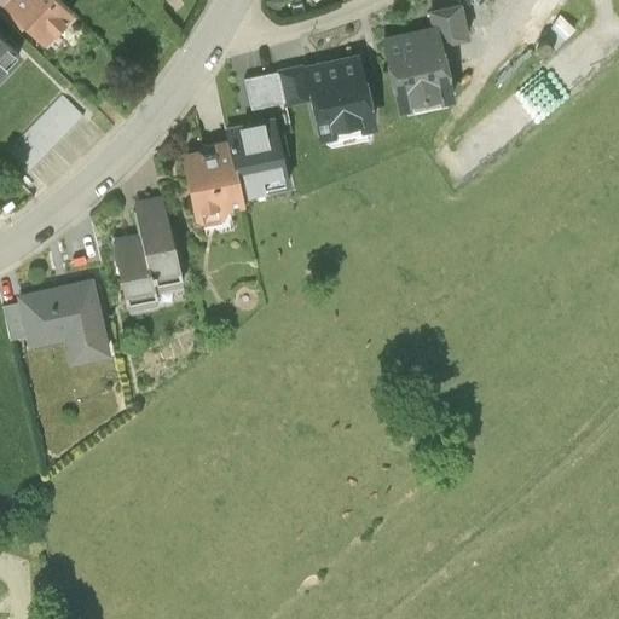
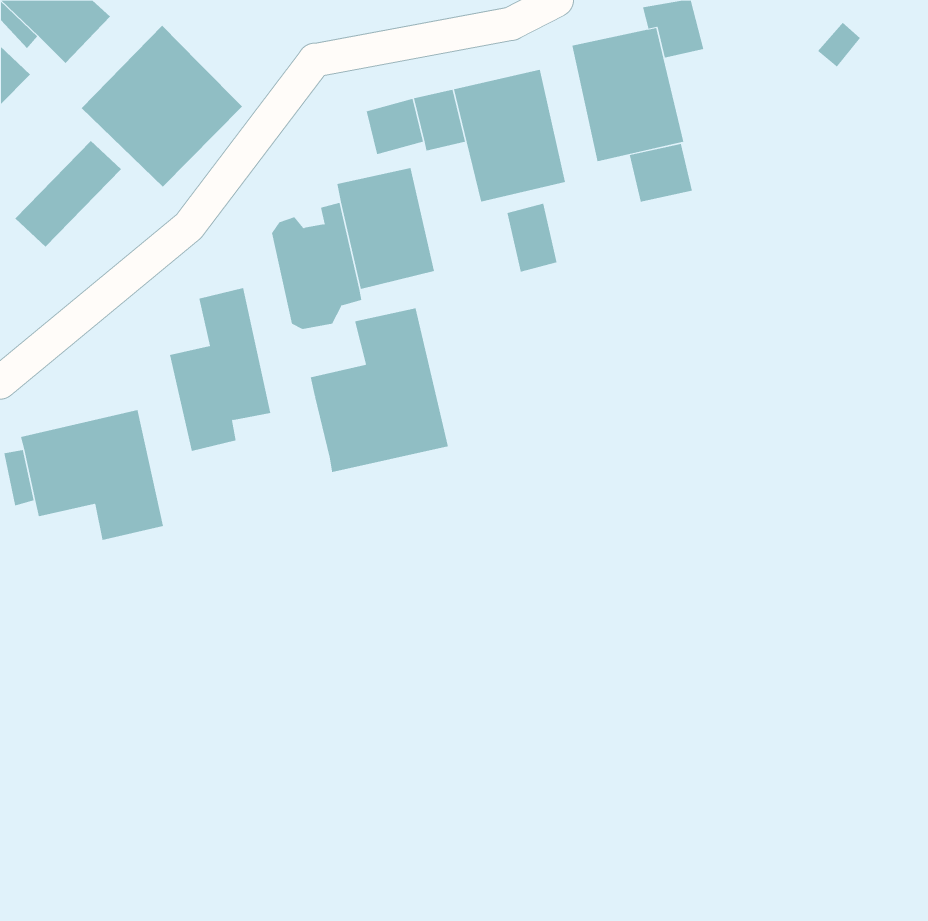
building: none -> [81,25,243,188]
building: none -> [629,143,692,202]
building: none -> [507,203,557,272]
building: none -> [310,308,448,473]

